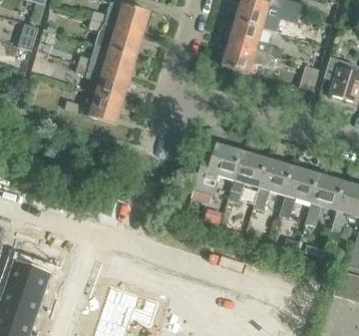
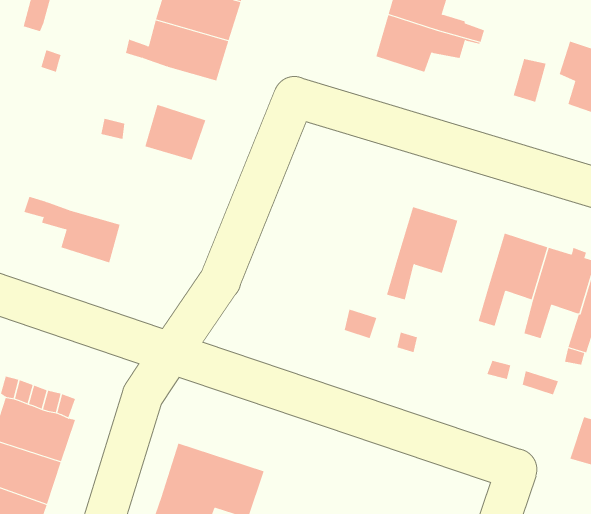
building: [75,63,130,101] -> [23,196,120,263]
building: [193,142,242,196] -> none
building: [253,158,294,211] -> none

